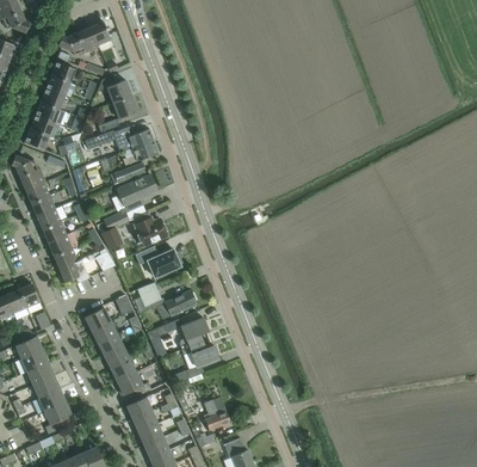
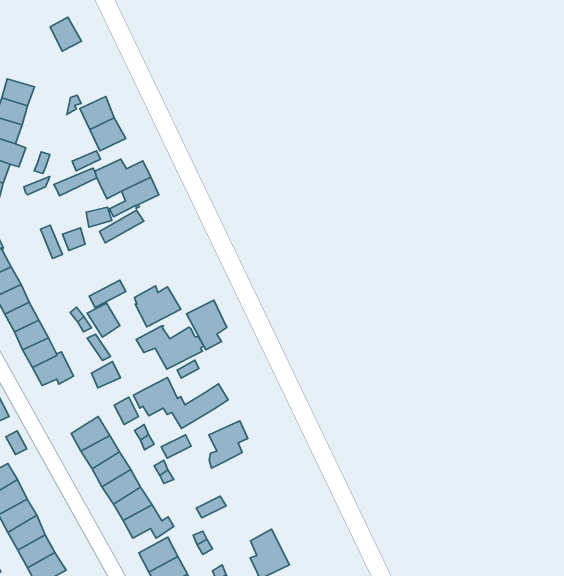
building: [58,27,99,56] -> none
building: [119,174,159,211] -> none
building: none -> [187,300,227,350]
building: [181,340,219,367] -> none

